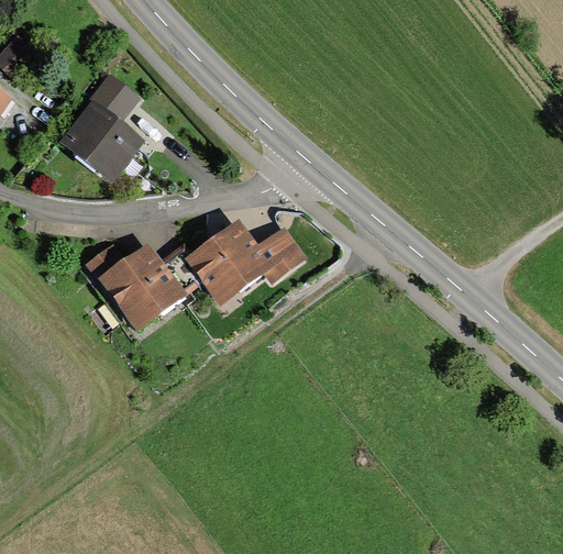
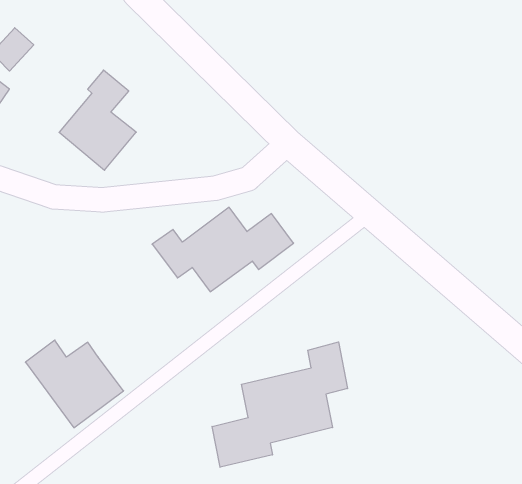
building: [84,240,186,331] -> [25,340,124,428]
building: none -> [212,342,348,467]

